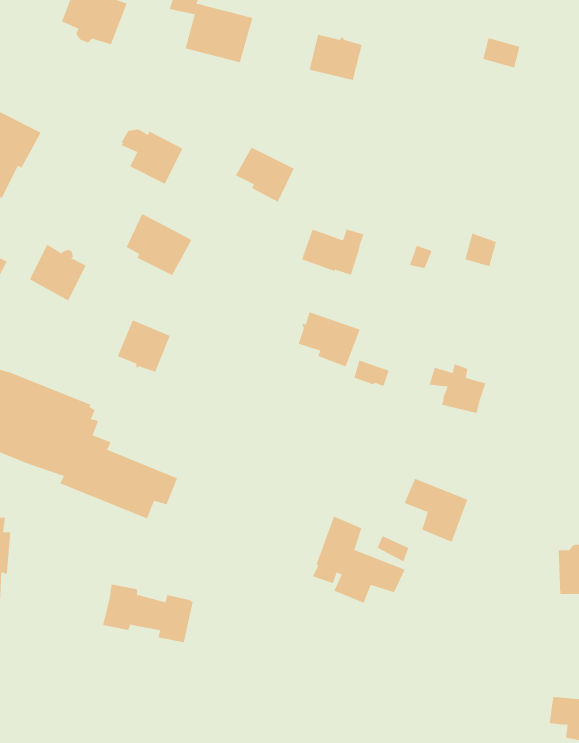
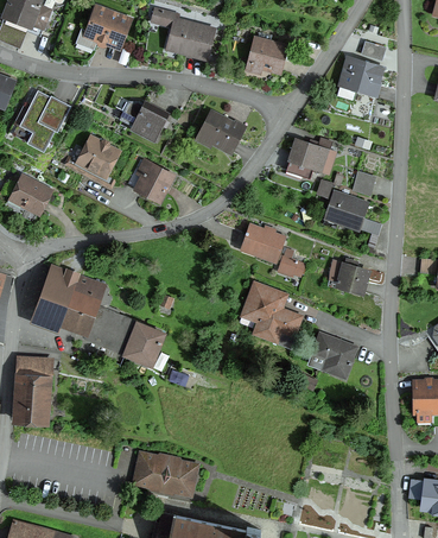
building: none -> [339,59,381,94]
building: [301,229,364,275] -> [290,139,331,170]
building: [29,244,86,301] -> [78,138,116,176]
building: none -> [324,192,367,229]
building: [117,319,171,373] -> none
building: [312,516,405,603] -> [239,283,300,341]
building: [102,584,193,643] -> [134,455,195,494]

